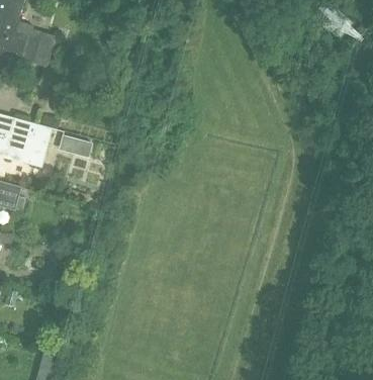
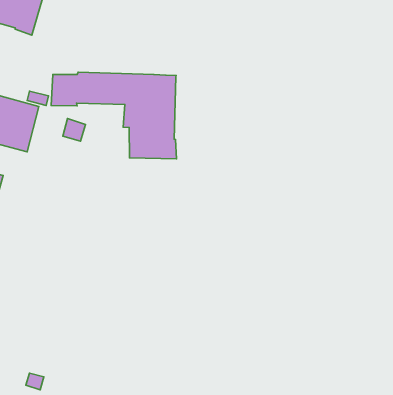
building: none -> [51,72,176,159]

